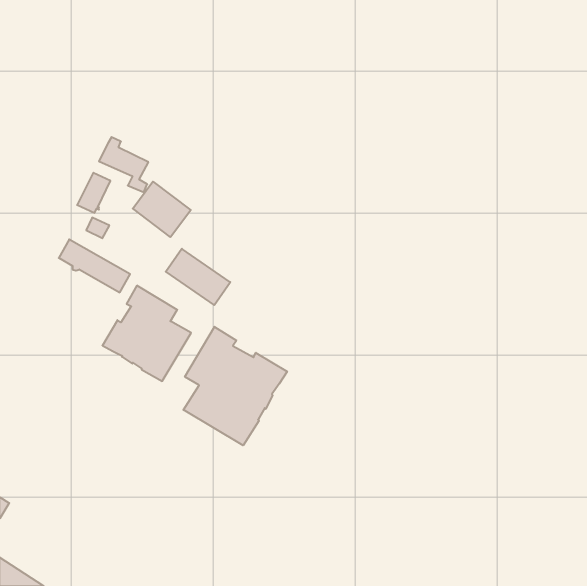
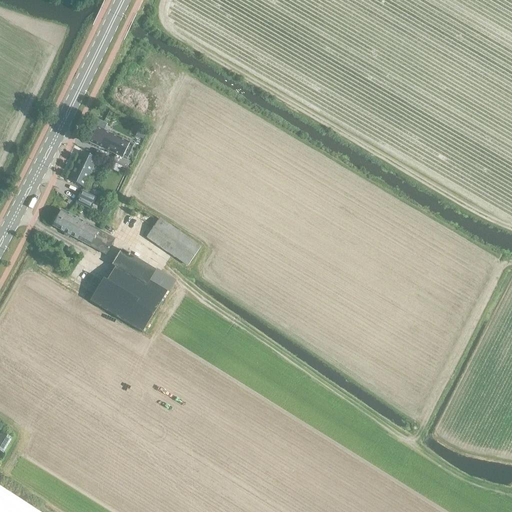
building: [133,182,191,237] -> none
building: [183,327,287,445] -> none

